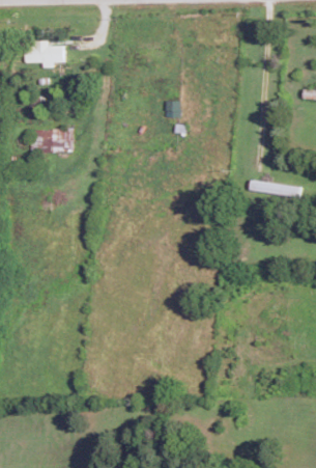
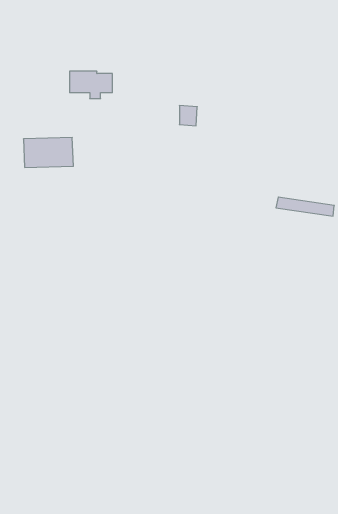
building: [27,43,64,66] -> [70,71,112,99]

